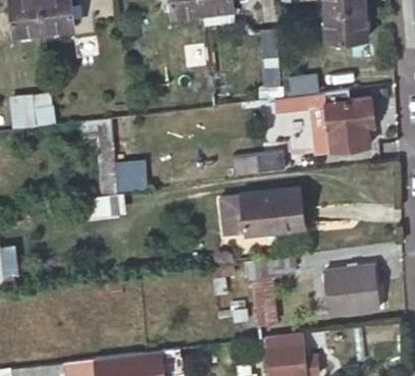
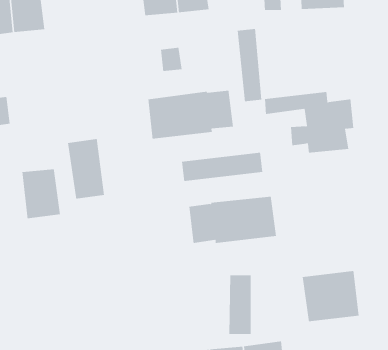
building: [322,9,366,41] -> none
building: none -> [148,90,234,140]
building: none -> [22,168,60,219]

